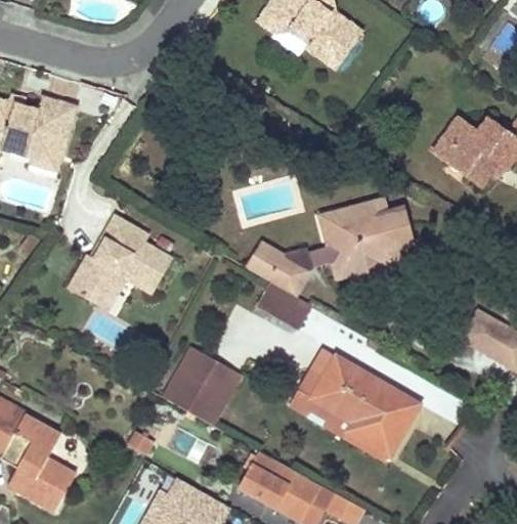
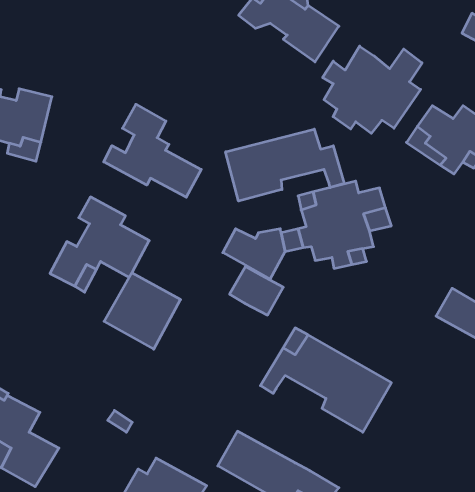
building: none -> [323,46,422,133]
building: none -> [104,104,201,197]
building: none -> [226,129,344,201]
building: [170,351,249,430] -> [104,273,181,349]
building: [301,395,390,465] -> none

